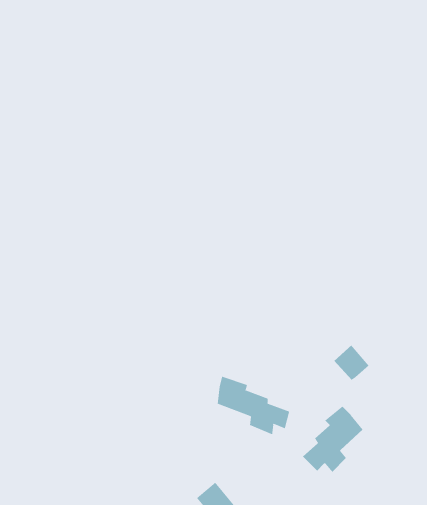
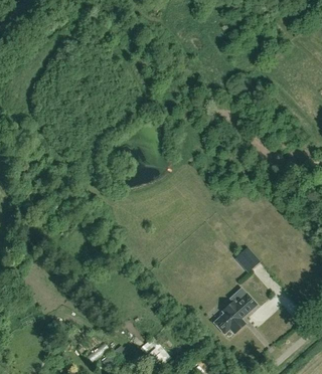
building: [217,376,290,435] -> none

